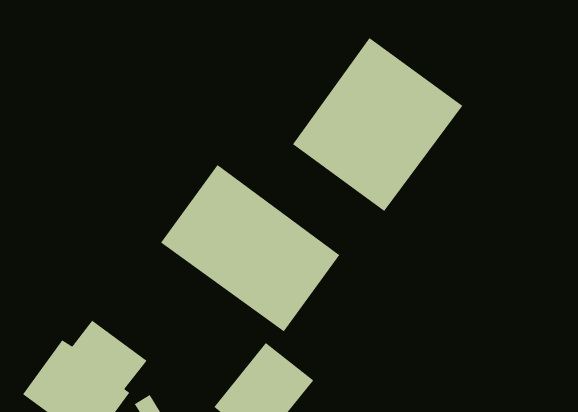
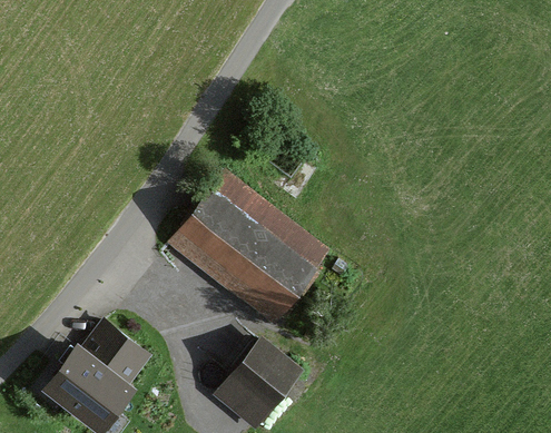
building: [292,37,463,212] -> none

